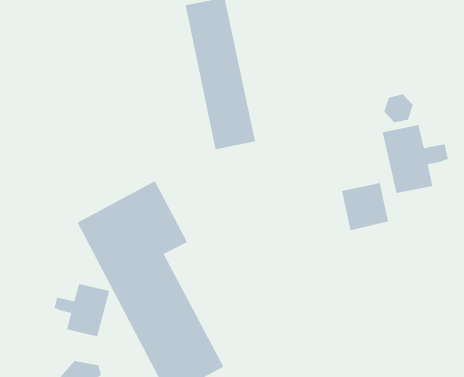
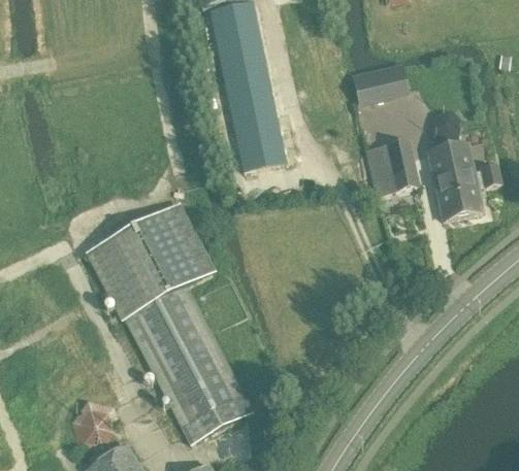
building: none -> [351,62,409,105]
building: [341,182,389,231] -> [365,140,418,194]
building: [54,283,110,337] -> none

